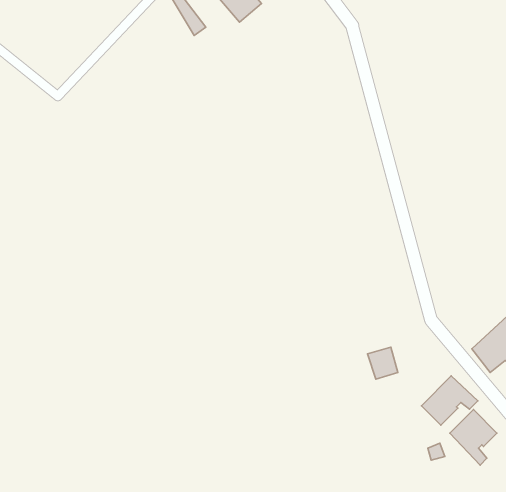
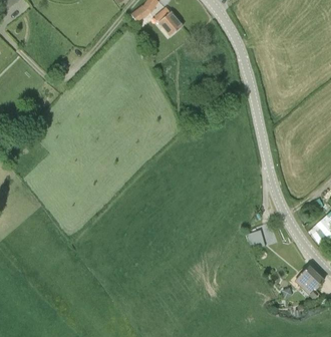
building: [421,376,478,425] -> none

